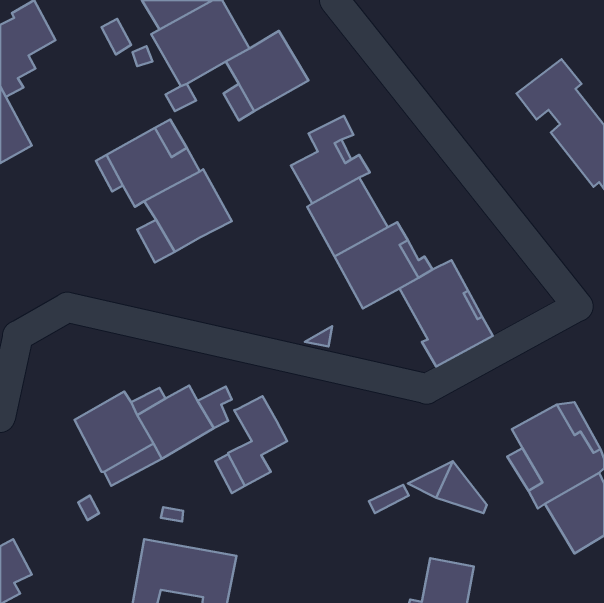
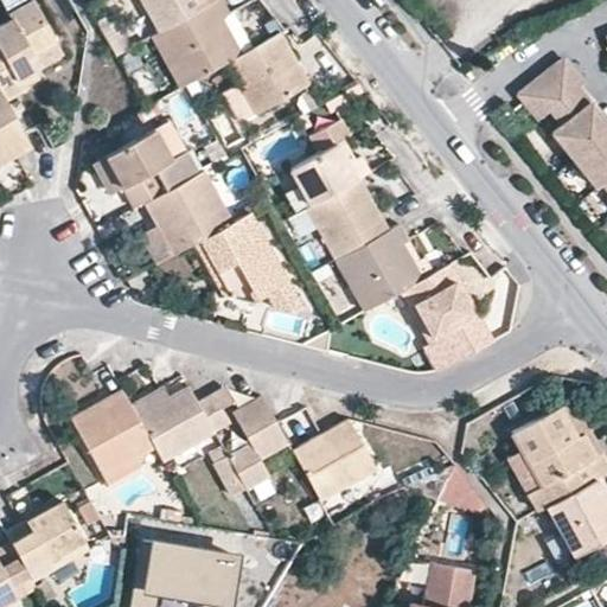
building: none -> [200,212,302,312]
building: none -> [292,418,377,500]
building: none -> [8,501,84,577]

